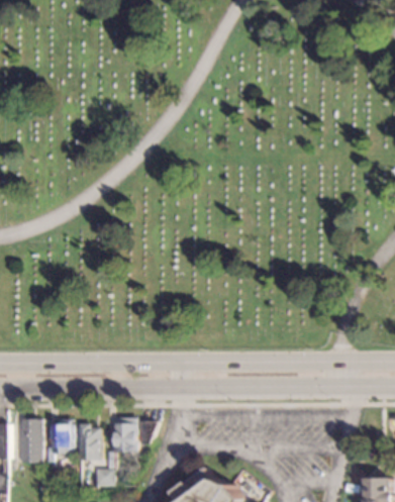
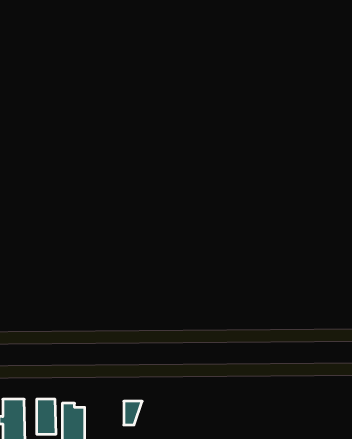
building: [114,418,138,453] -> none

